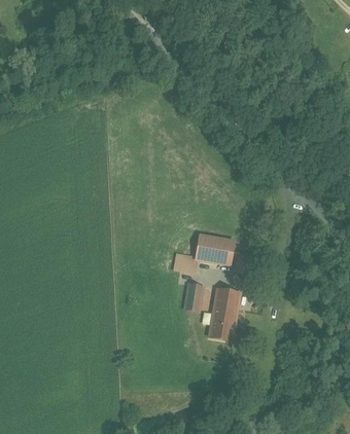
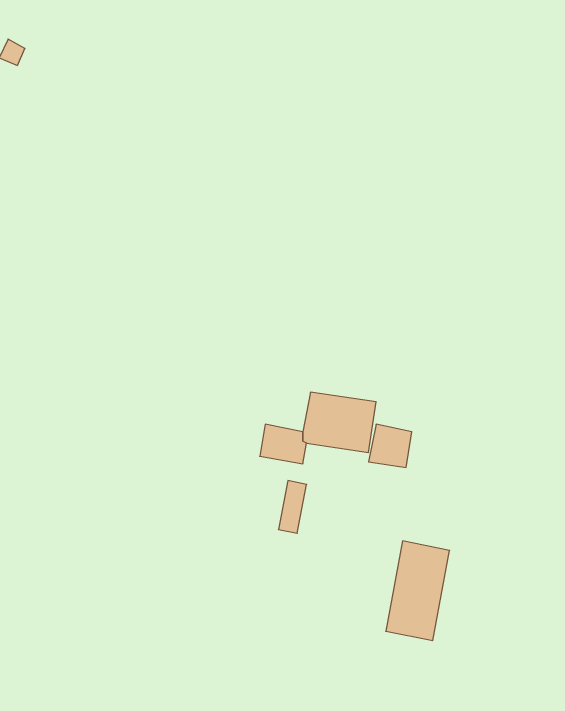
building: [207,286,242,340] -> [386,541,450,641]

